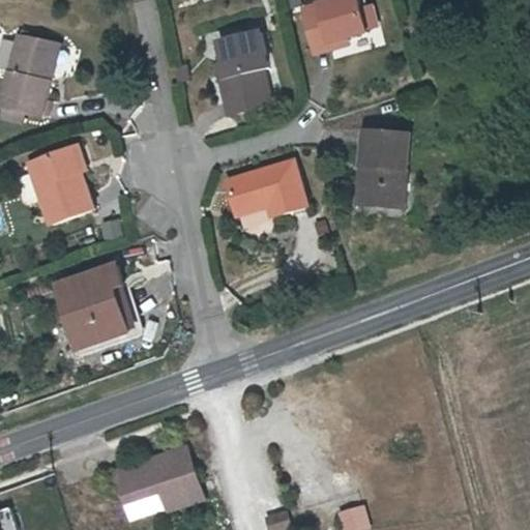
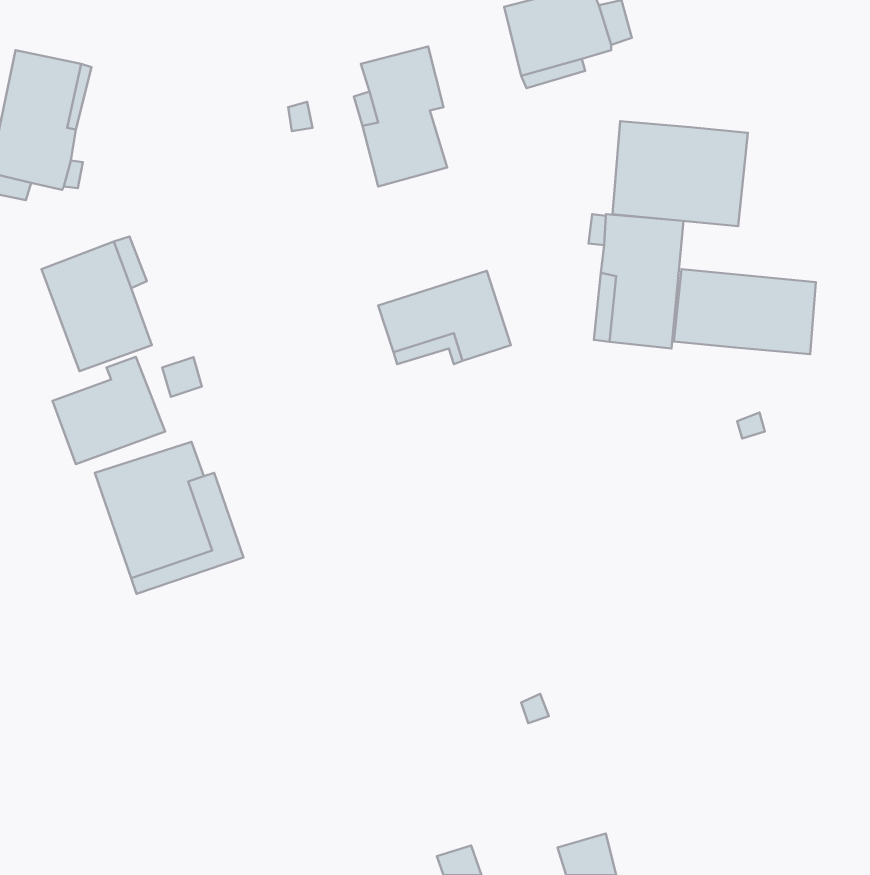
building: none -> [612,121,748,226]
building: none -> [674,269,816,354]
building: none -> [52,357,165,464]
building: [105,458,190,521] -> none

